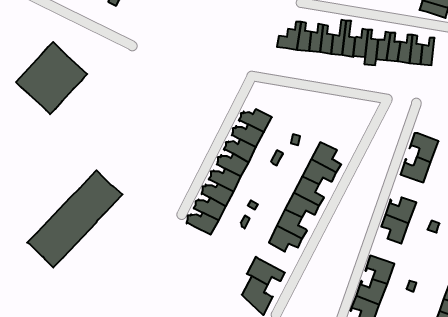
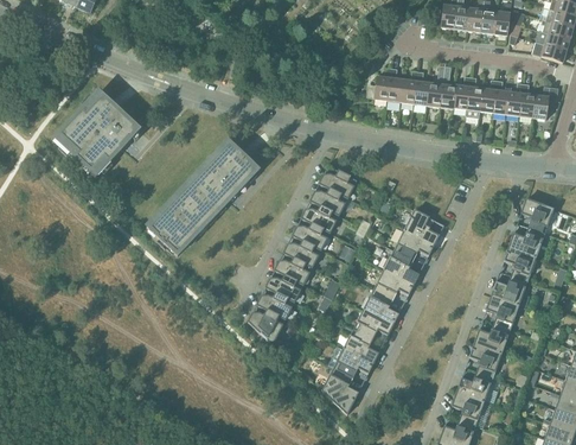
building: [27,170,123,268] -> [146,140,258,255]
building: none -> [501,247,536,280]
building: none -> [248,309,284,343]
building: none -> [473,323,510,352]
building: none -> [343,328,378,363]

